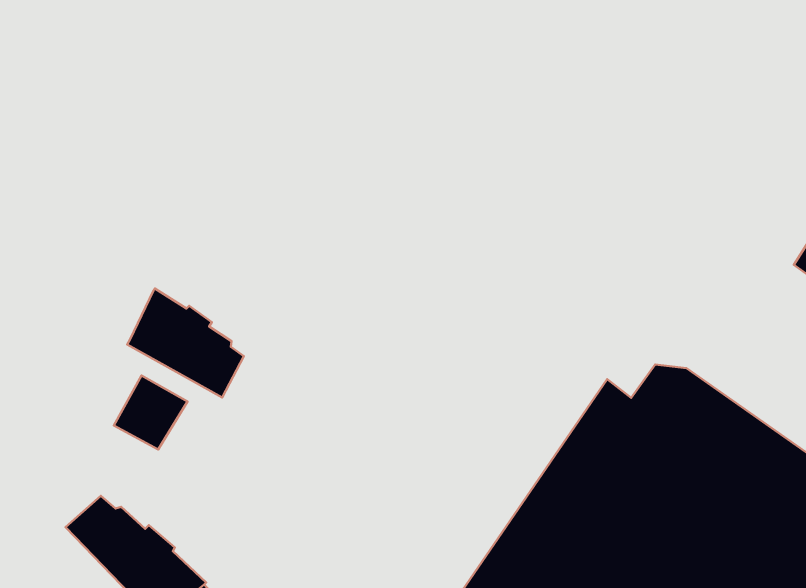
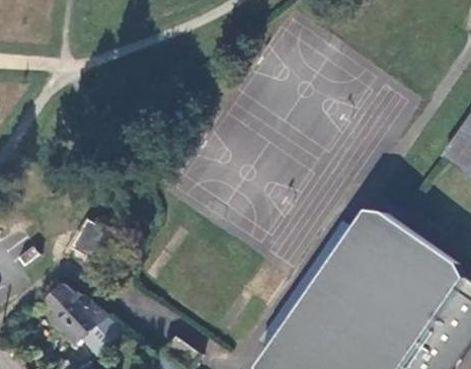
building: [127,288,244,398] -> none

